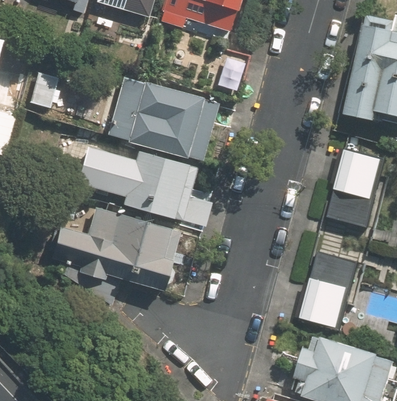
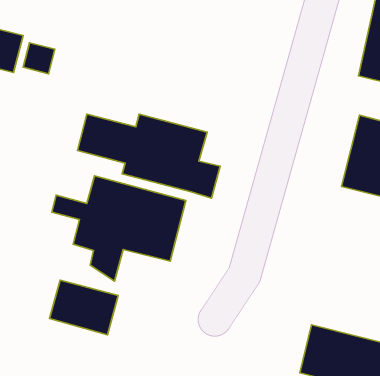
building: [104,74,218,163] -> none
building: [300,250,355,328] -> none
building: none -> [49,280,118,335]

